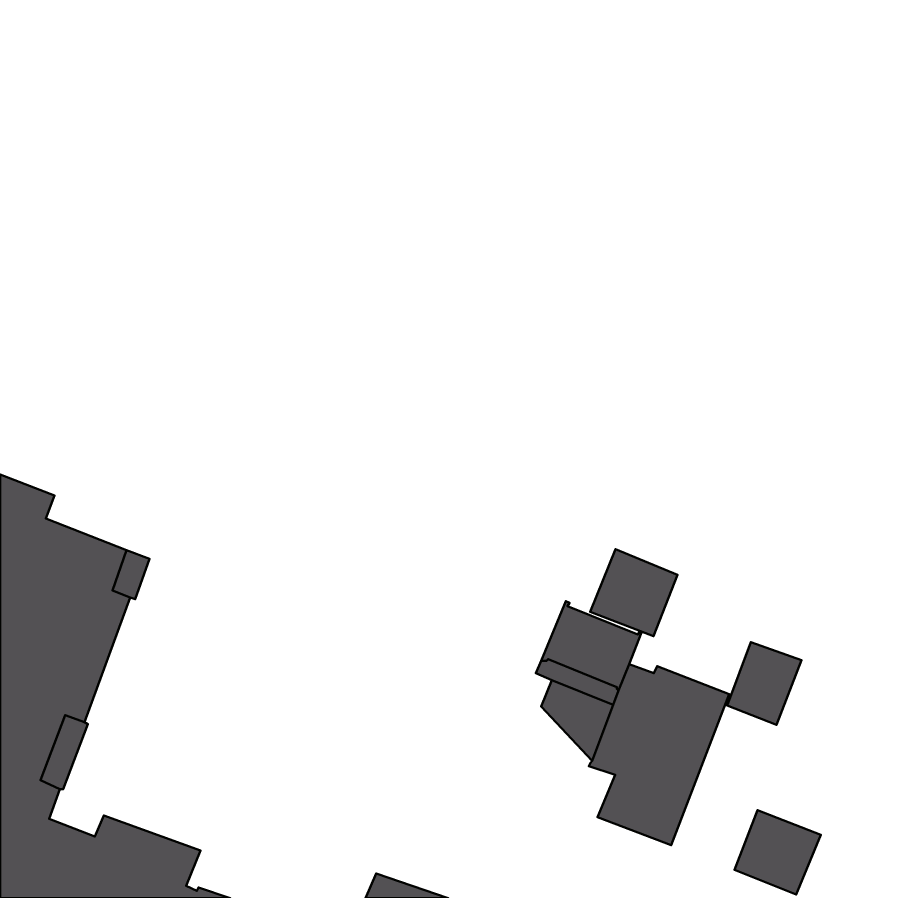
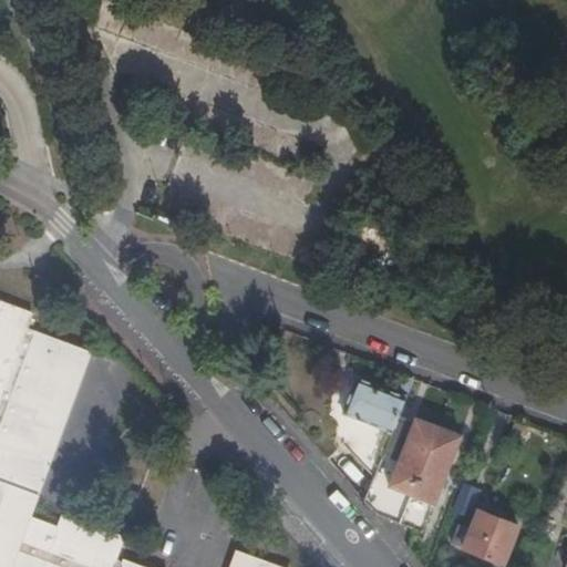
building: [590,549,678,636] -> none
building: [727,642,801,725] -> none

